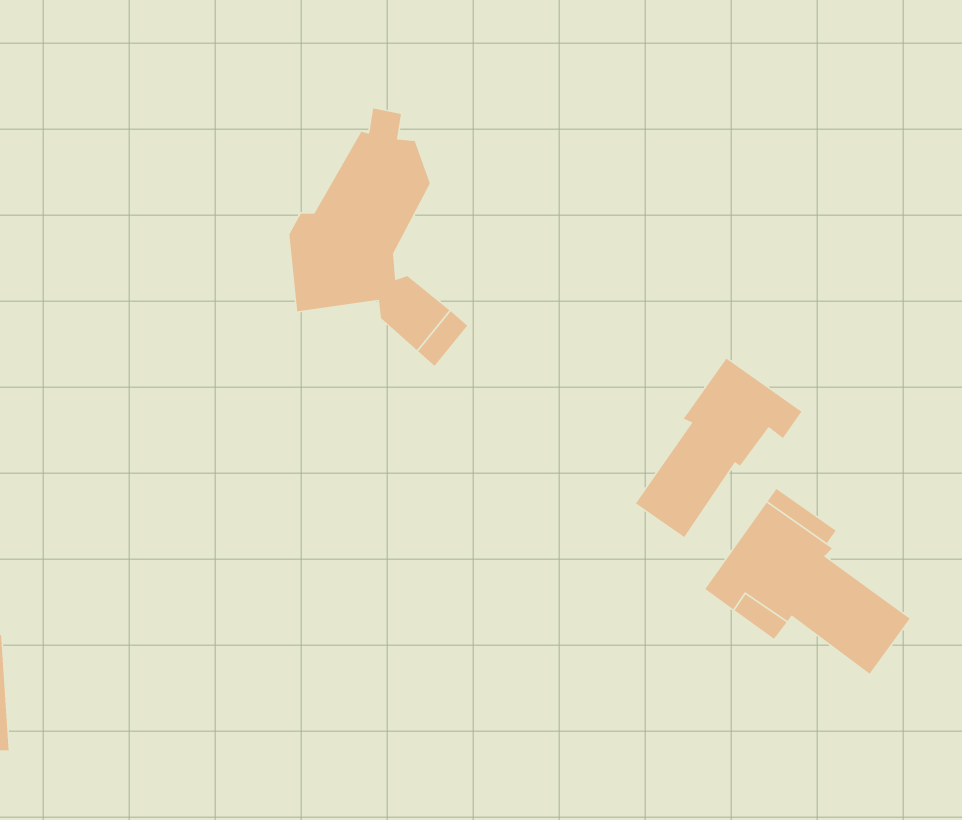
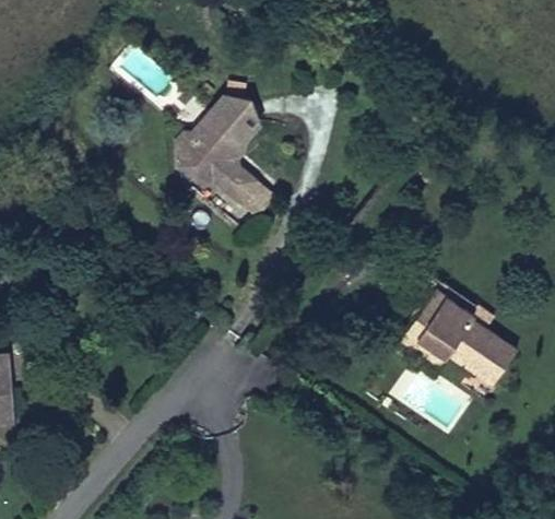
building: [635,358,802,538] -> none

